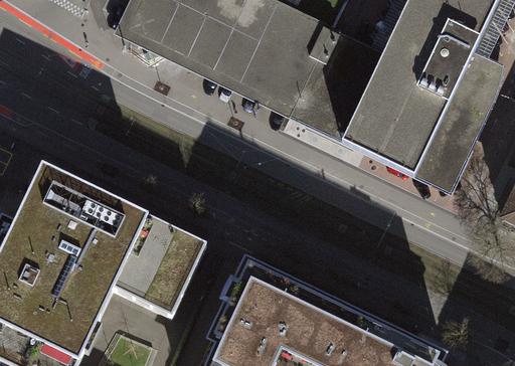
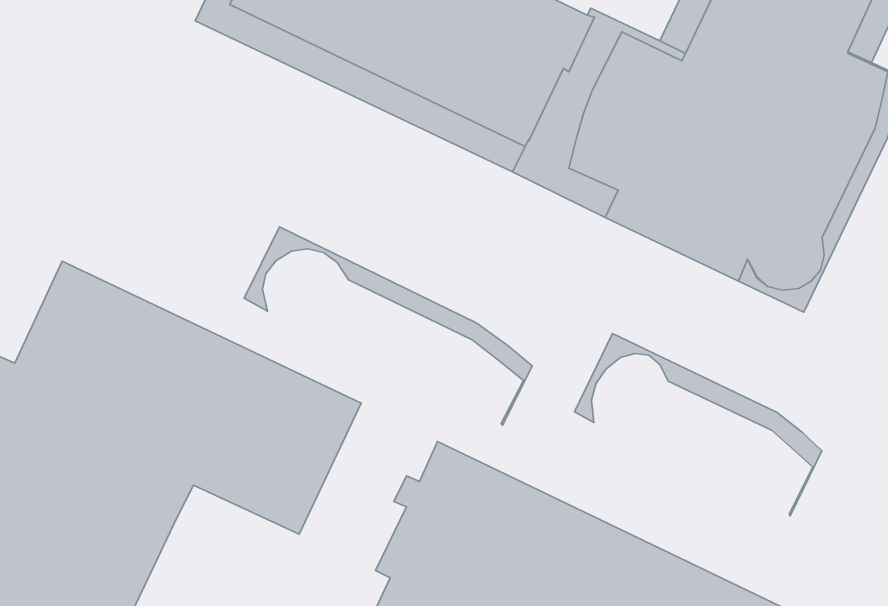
building: none -> [244,227,532,425]
building: none -> [574,333,822,516]

